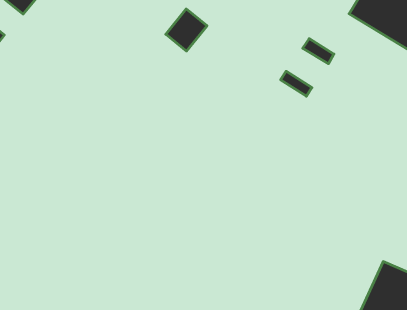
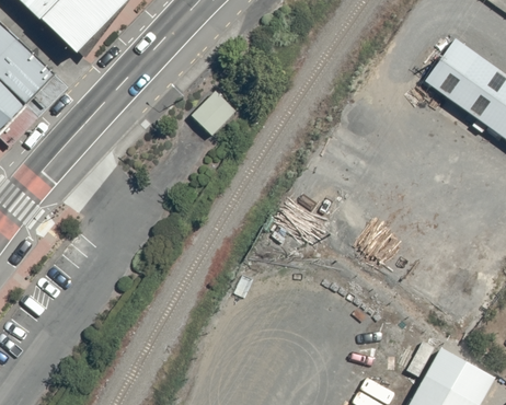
building: [166,9,207,51] -> [192,90,237,135]

